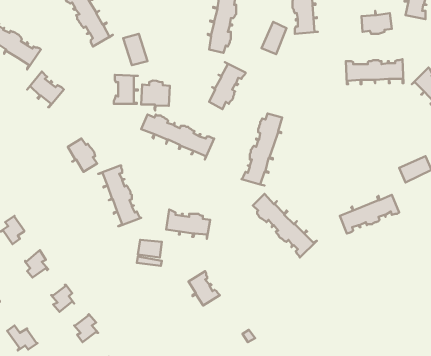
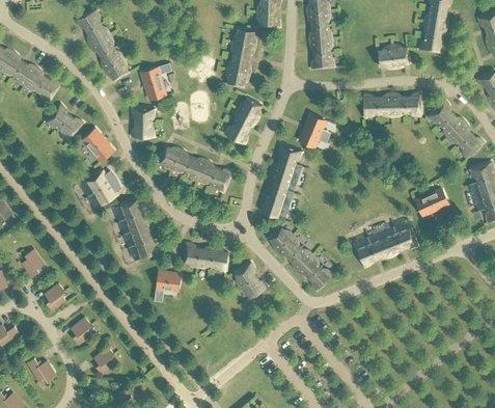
building: [262,22,287,54] -> [299,114,324,146]
building: [141,81,170,110] -> none
building: none -> [82,129,112,160]
building: [188,271,220,306] -> [233,264,265,298]

